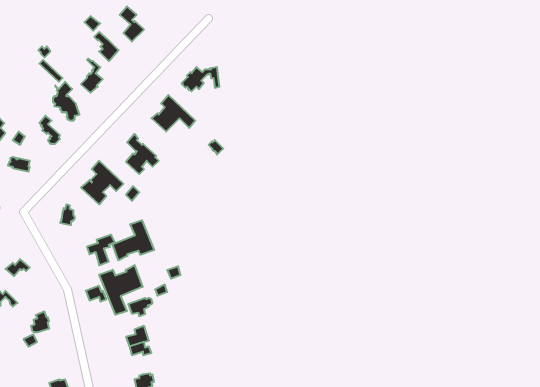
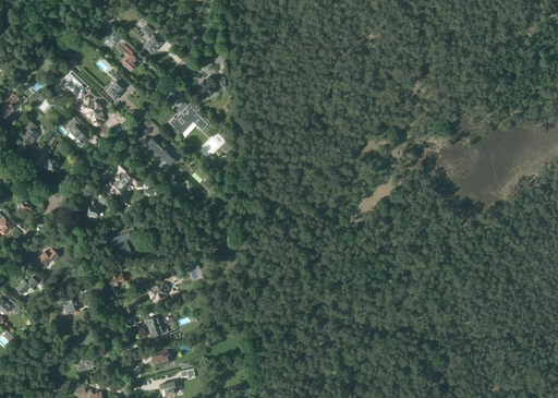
building: [113,220,154,260] -> none
building: [99,265,143,315] -> none

